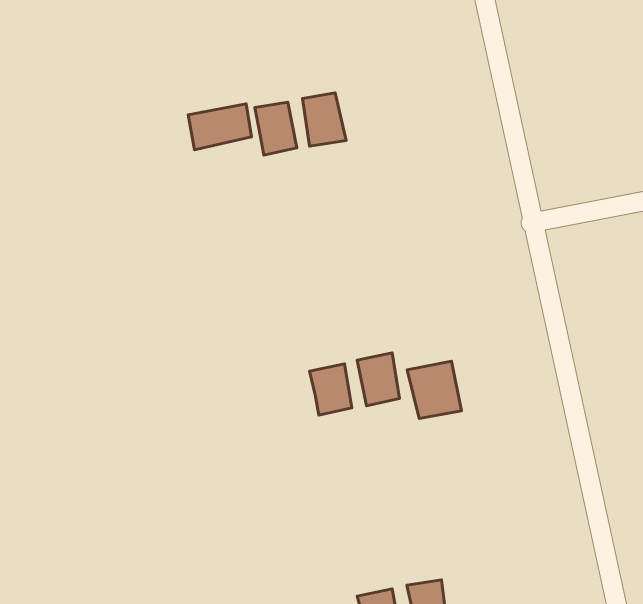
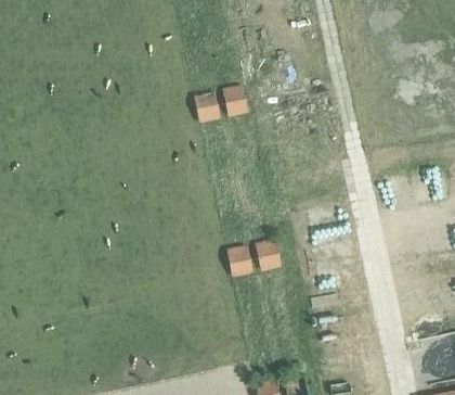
building: [188,104,252,150] -> none
building: [407,361,461,418] -> none

